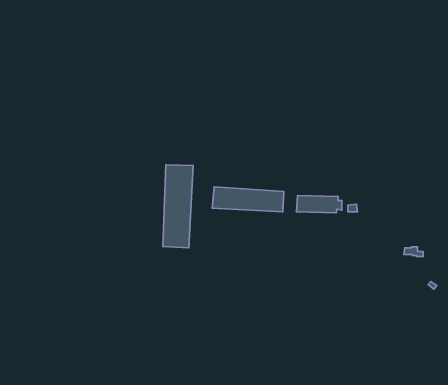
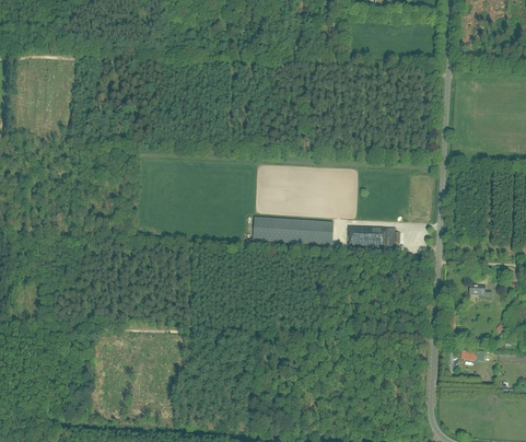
building: [163,165,193,248] -> none

